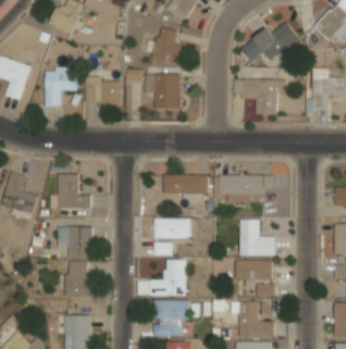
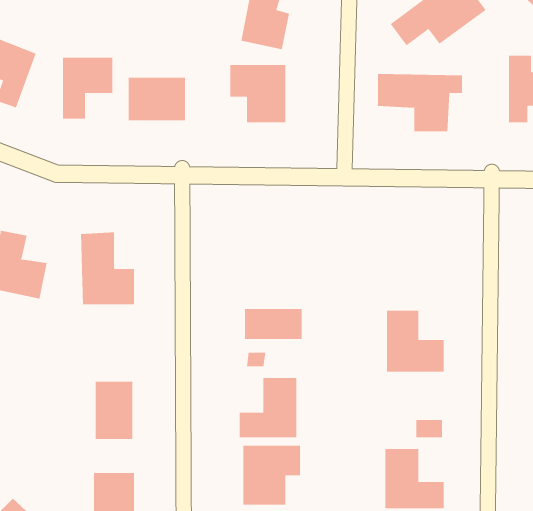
building: [164,173,208,196] -> none
building: [217,173,263,202] -> none
building: [58,227,91,258] -> none
building: [235,261,272,281] -> none

